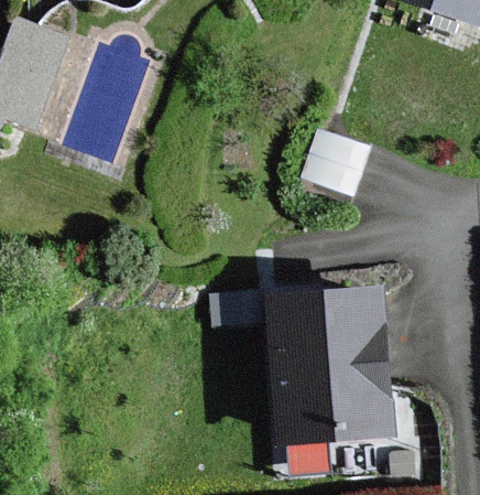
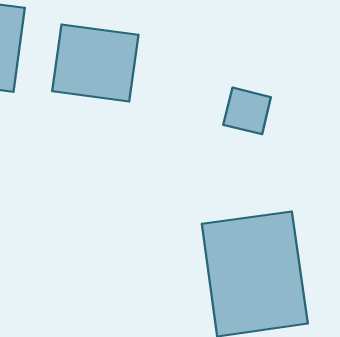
building: none -> [52,25,138,102]

